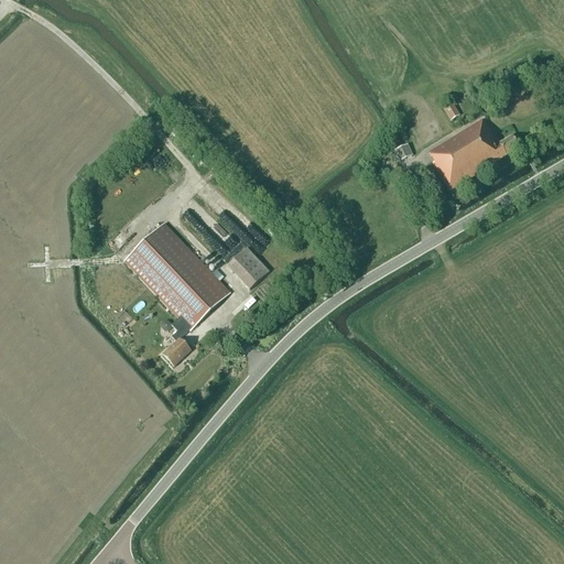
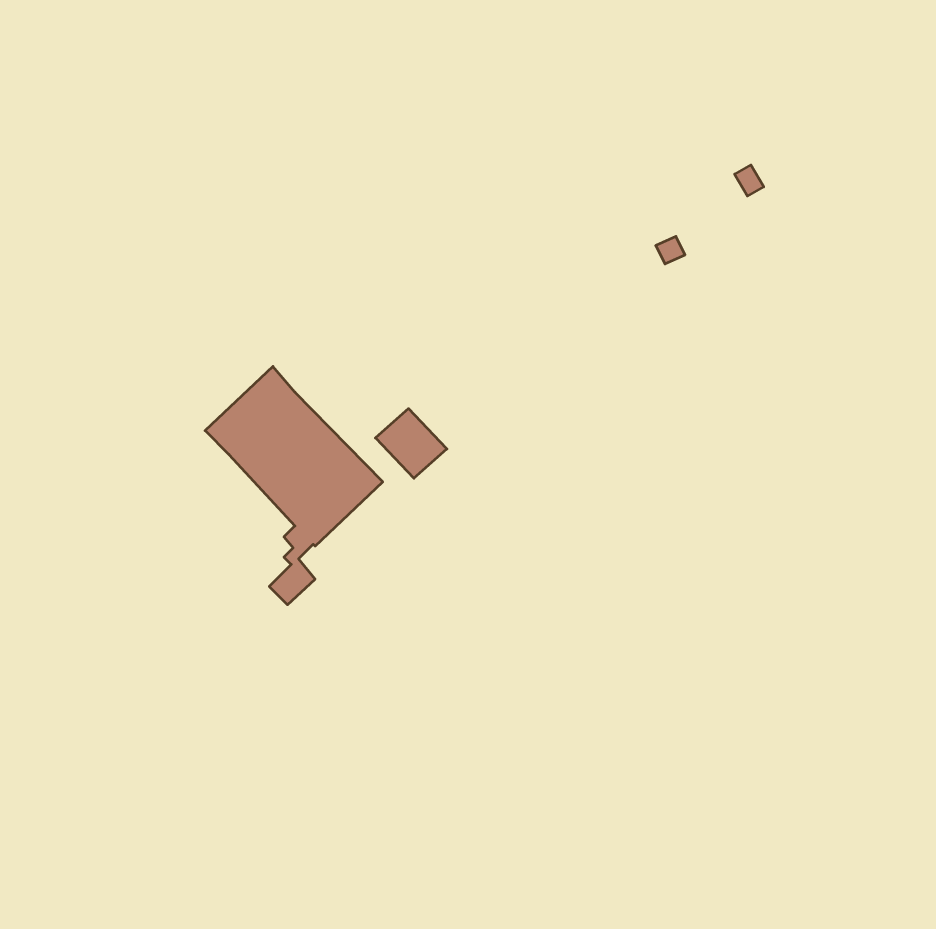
building: [429,117,519,187] -> none

